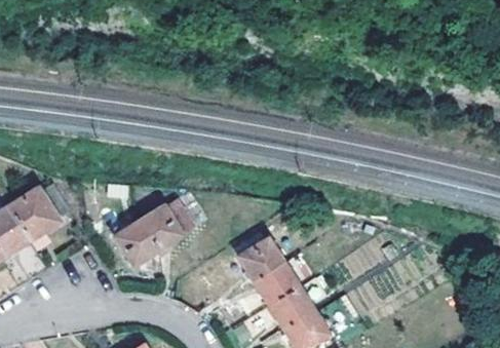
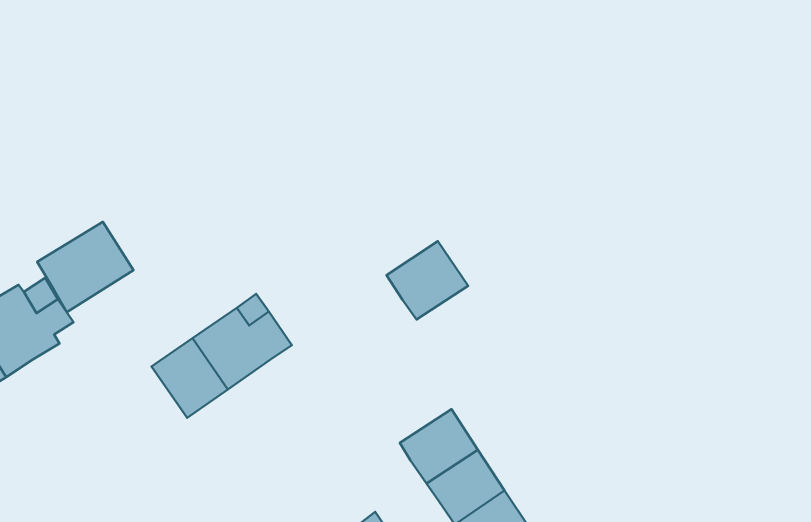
building: none -> [37,222,134,312]
building: [237,236,284,281] -> [387,241,468,319]

